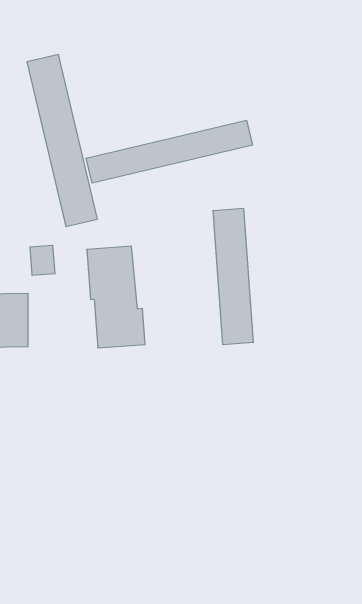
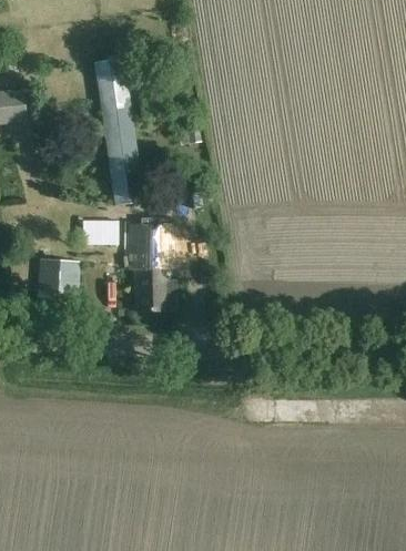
building: [86,120,252,183] -> none
building: [213,208,253,345] -> none

